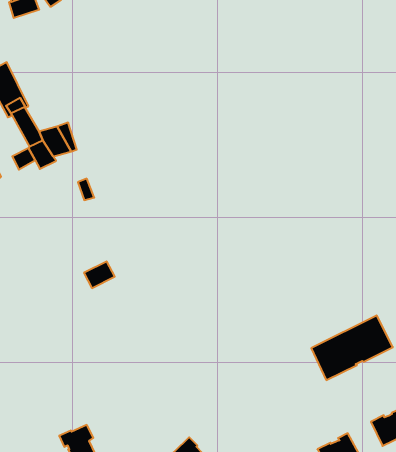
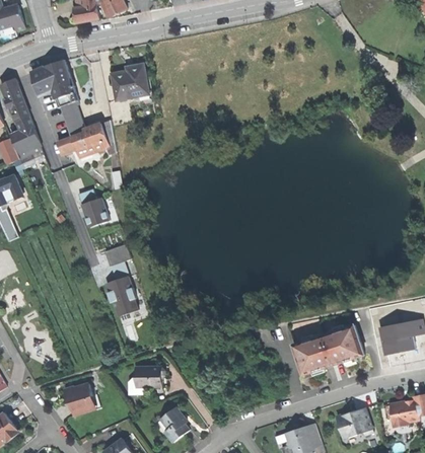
building: none -> [112,64,148,99]
building: none -> [78,188,109,227]
building: none -> [108,277,138,316]
building: none -> [135,366,164,387]

